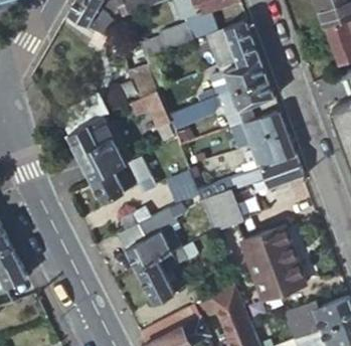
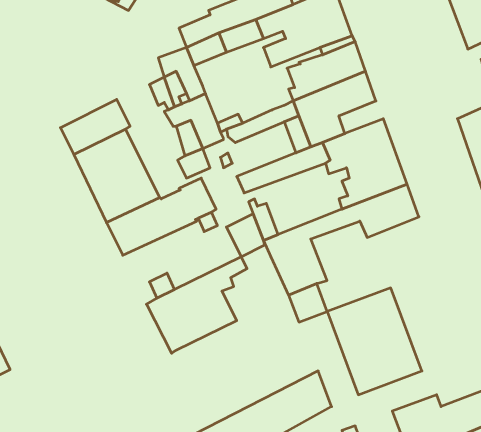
building: [139,244,189,301] -> none

